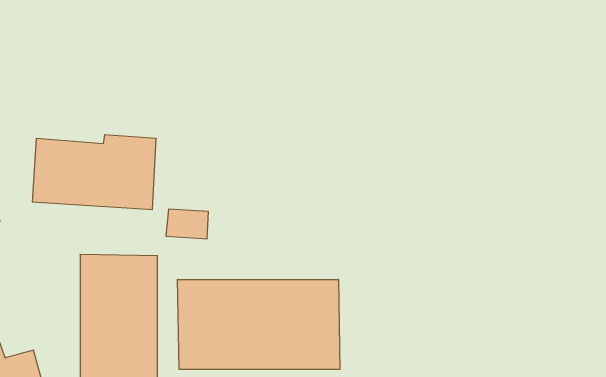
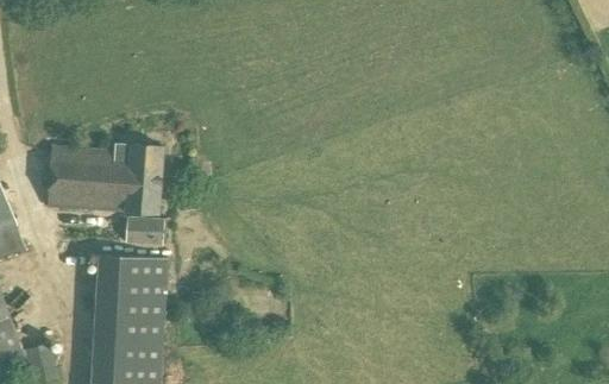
building: [166,209,208,239] -> [125,218,164,245]
building: [178,279,340,369] -> none

